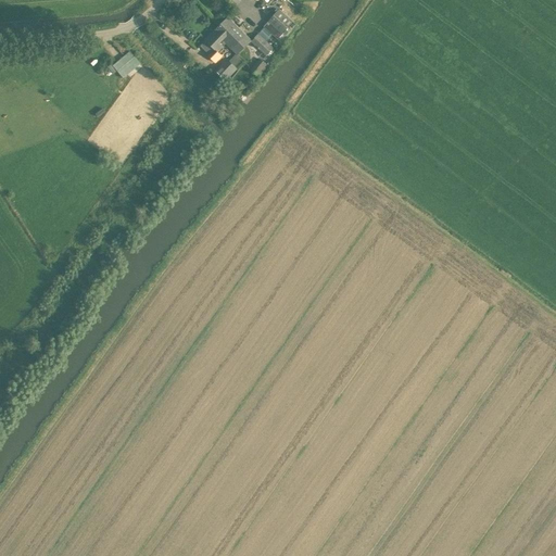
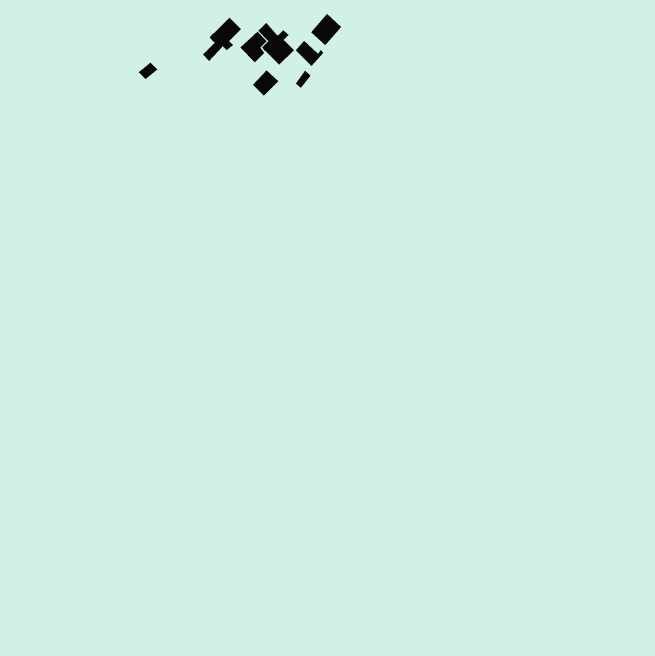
building: none -> [202,17,242,62]

